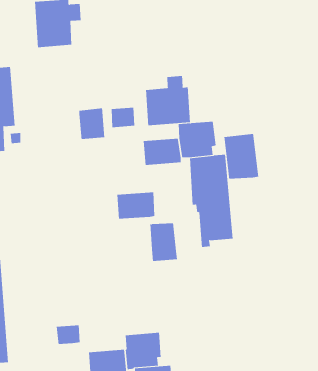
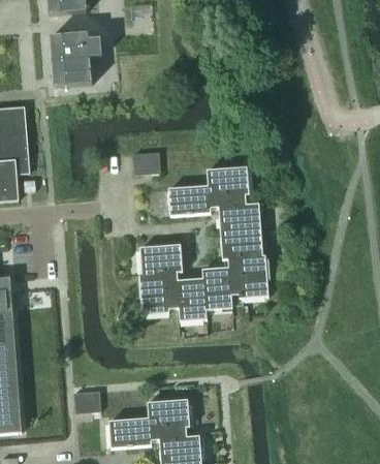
building: [146,75,190,126] -> none
building: [79,108,105,140] -> none
building: [224,133,259,179] -> none
building: none -> [202,267,232,309]
building: none -> [138,272,178,314]

